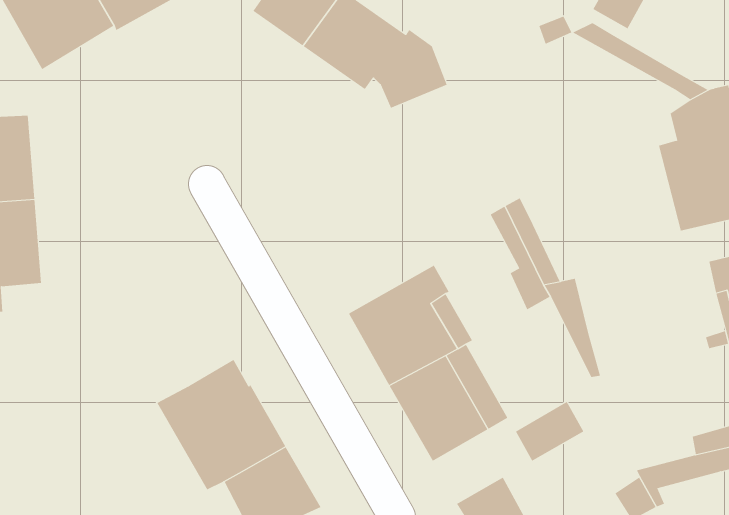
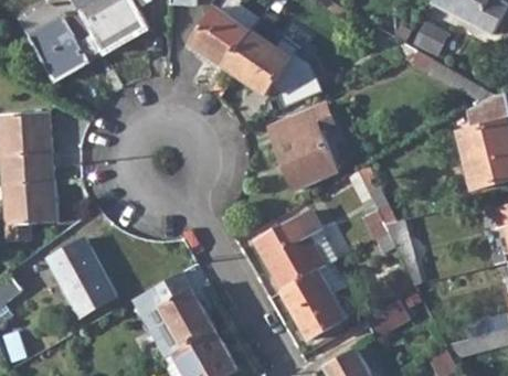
building: none -> [268,108,338,191]
building: none -> [47,239,116,316]

